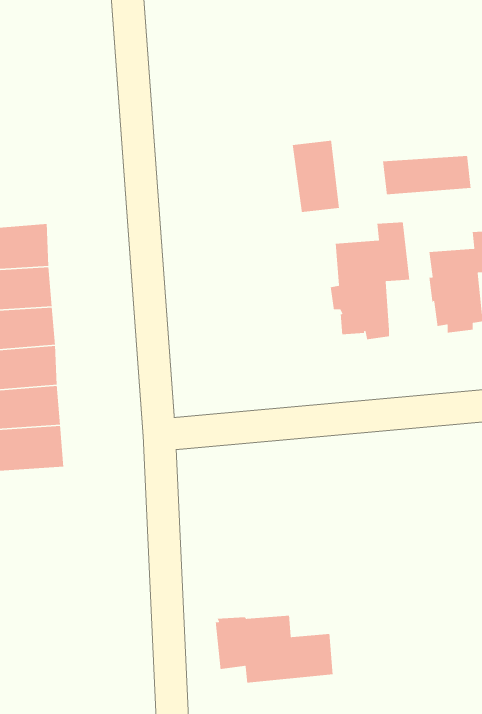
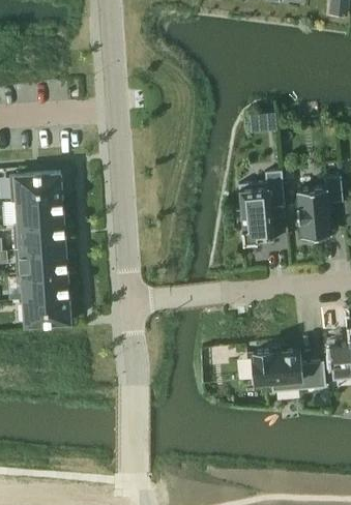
building: [292,140,340,213] -> none
building: [382,155,471,195] -> none
building: [215,615,333,683] -> [253,350,326,392]

